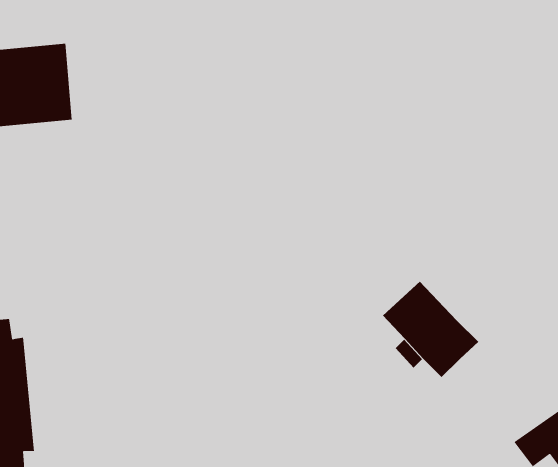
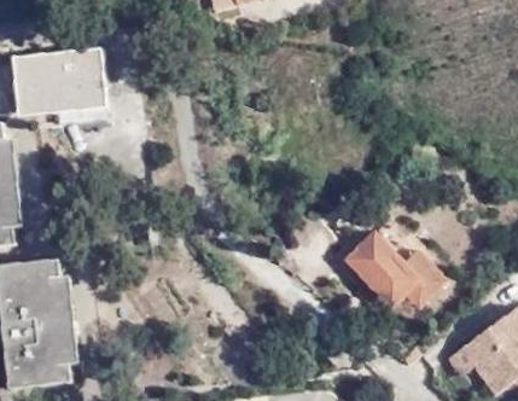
building: none -> [403,251,446,308]

